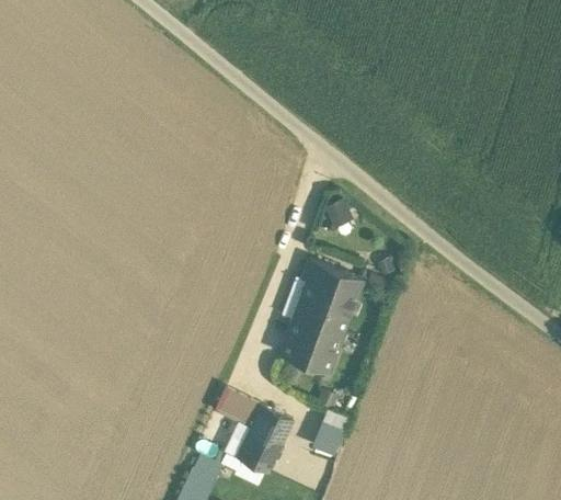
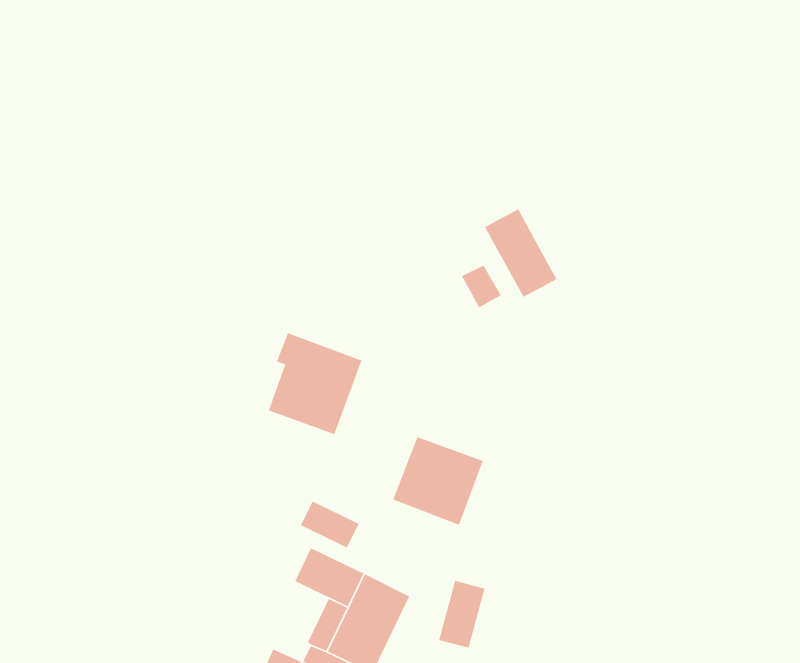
building: none -> [484,208,558,298]
building: [298,263,362,332] -> [268,332,363,435]
building: none -> [300,500,360,549]

